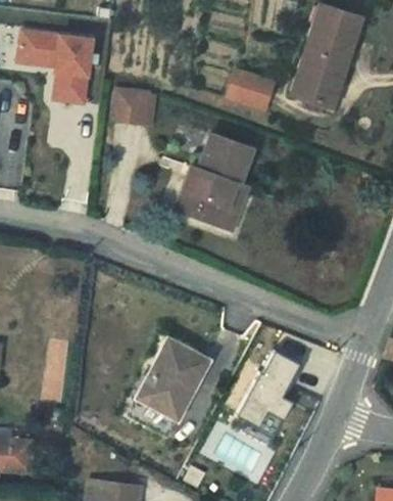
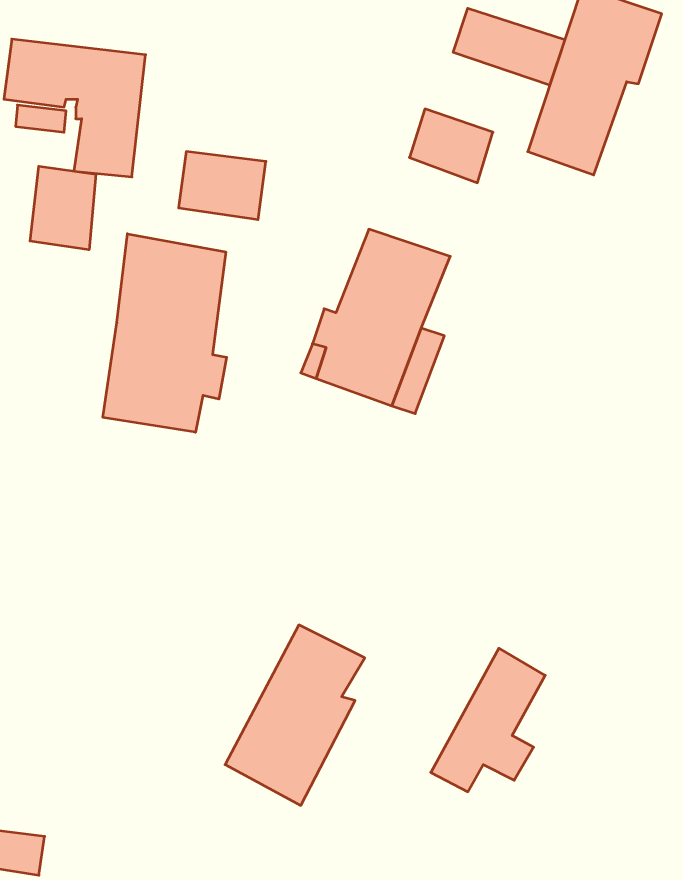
building: none -> [453,8,565,85]
building: none -> [30,166,96,250]
building: none -> [103,234,227,432]

